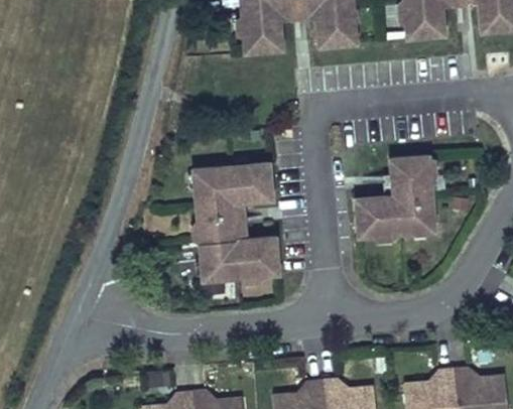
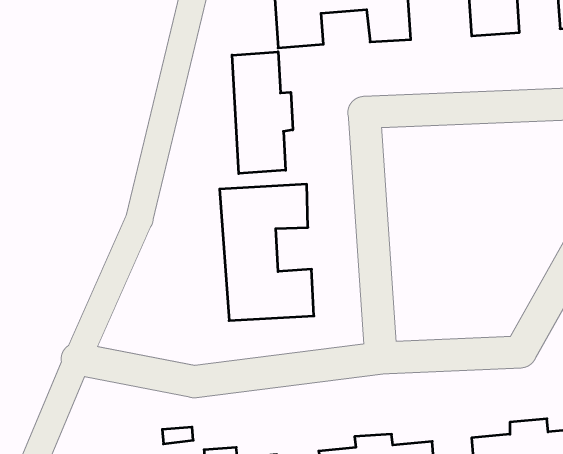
building: none -> [232,52,293,174]
building: [353,160,433,239] -> none

